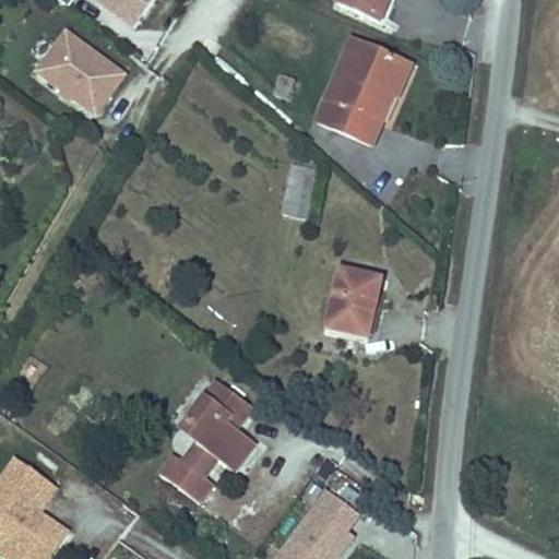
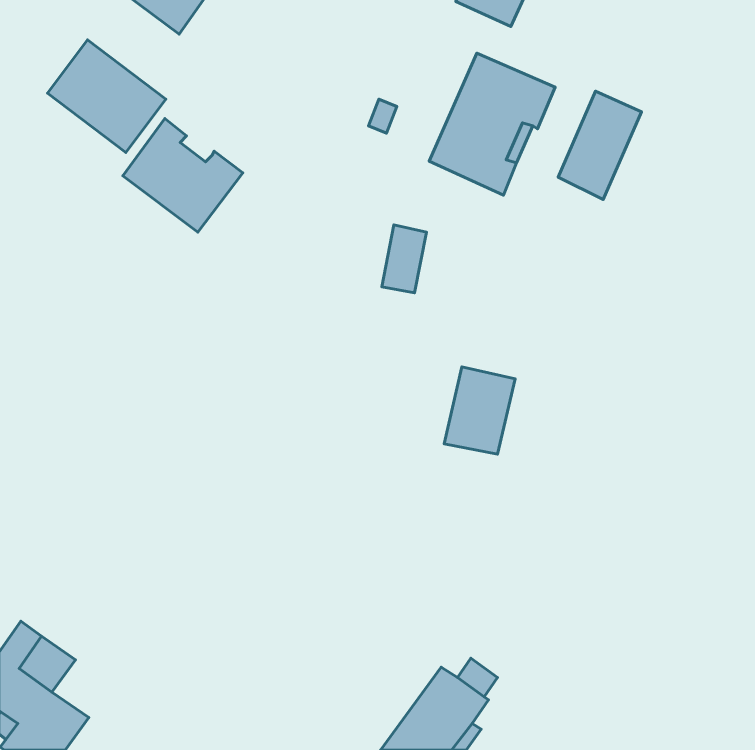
building: none -> [558,91,642,199]
building: none -> [123,118,243,232]
building: [164,379,252,496] -> none

